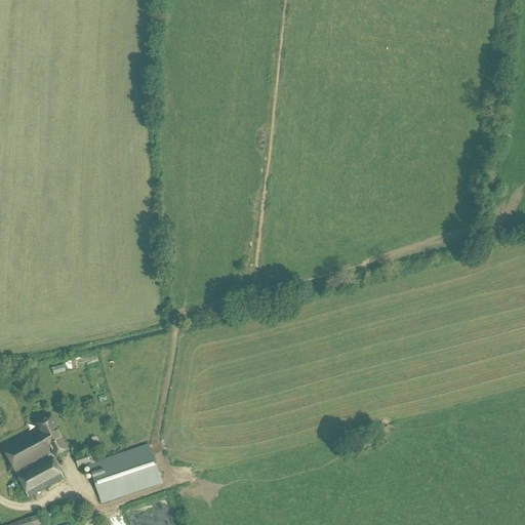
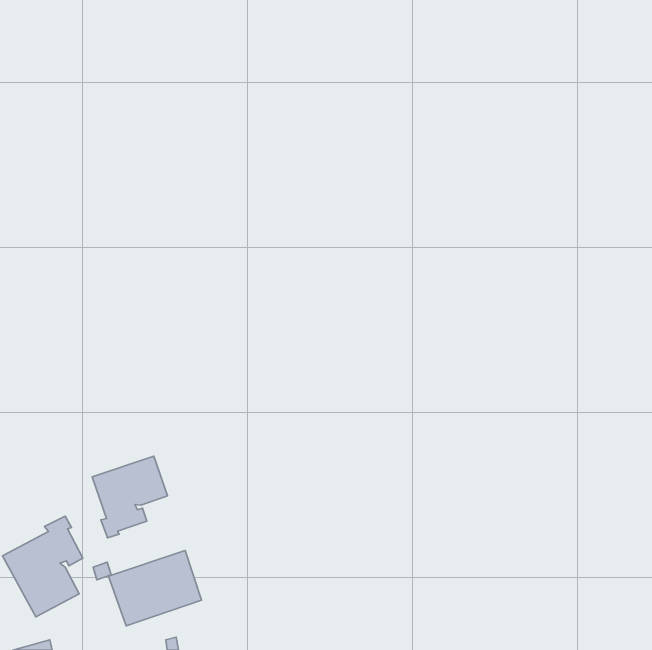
building: none -> [92,456,168,538]

